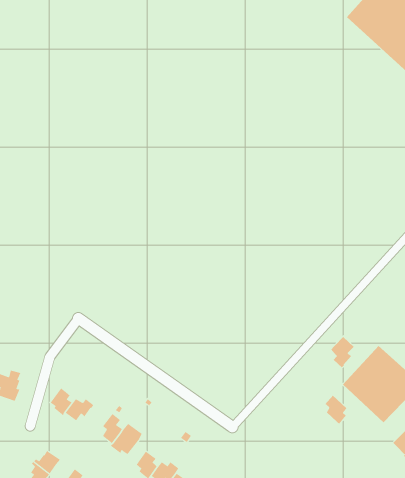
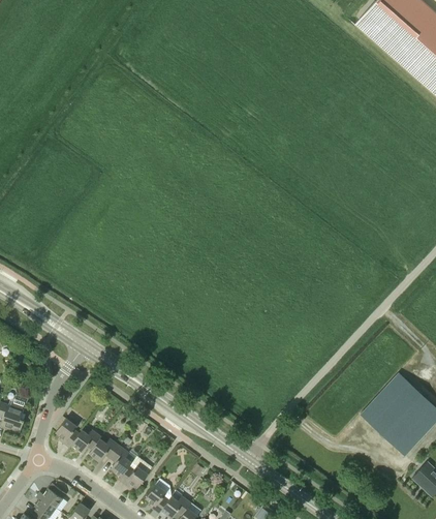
building: [331,334,354,368] -> none
building: [325,395,347,425] -> none
building: none -> [89,436,120,461]

